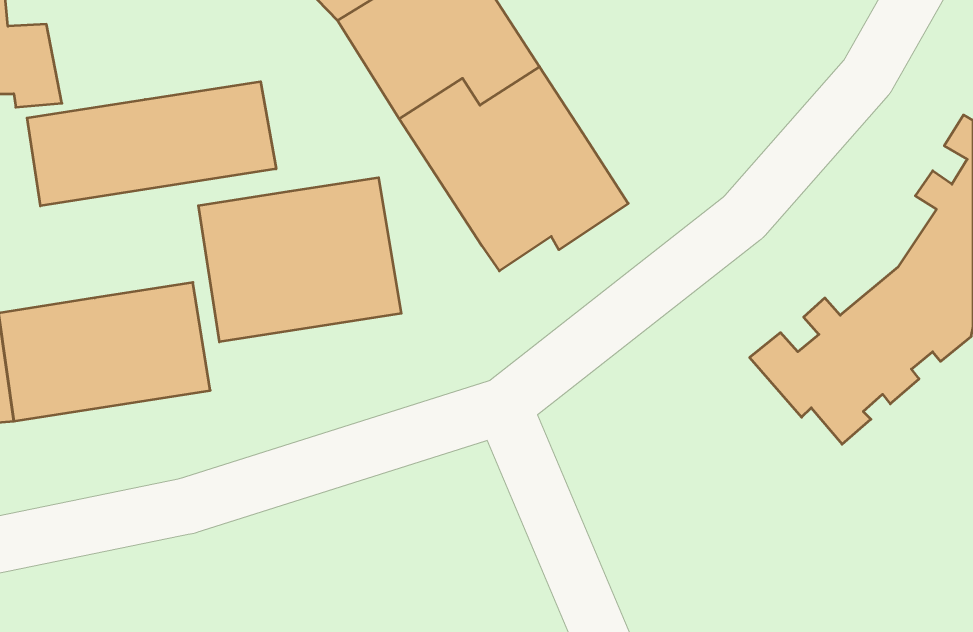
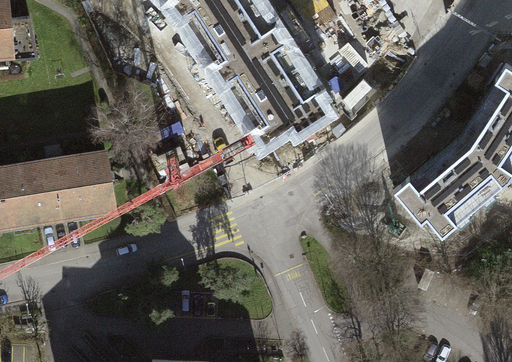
building: [27,82,276,206] -> none
building: [198,178,401,342] -> none

